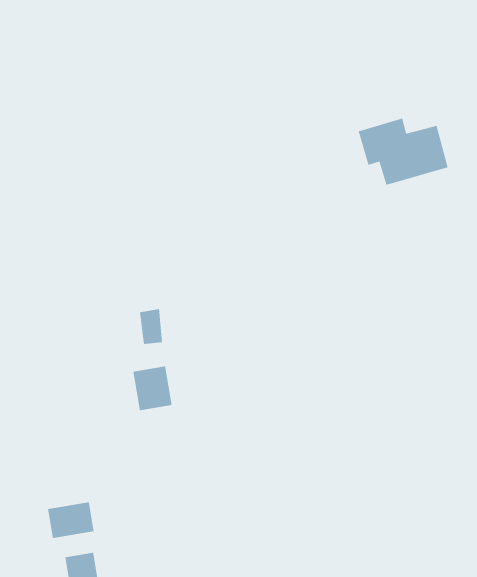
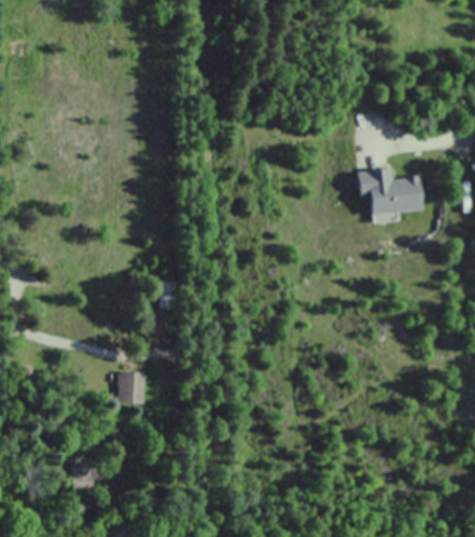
building: [132,366,173,411] -> [120,372,147,404]
building: [47,502,94,539] -> none

